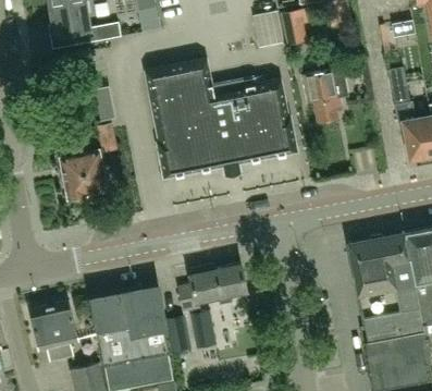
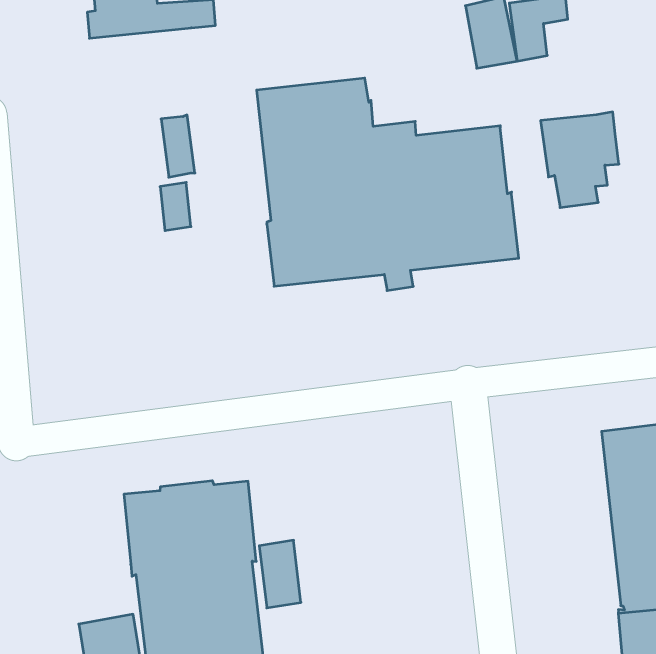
building: [58,130,106,200] -> none
building: [180,265,246,349] -> none
building: [30,301,78,361] -> none

